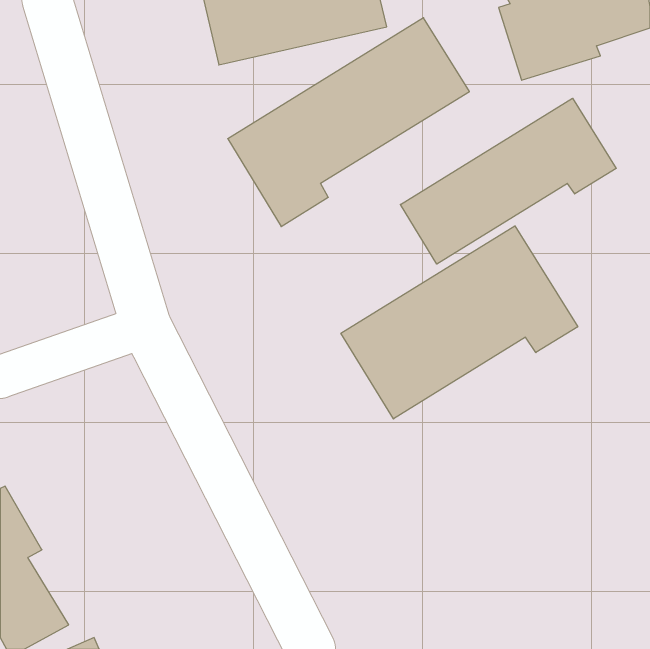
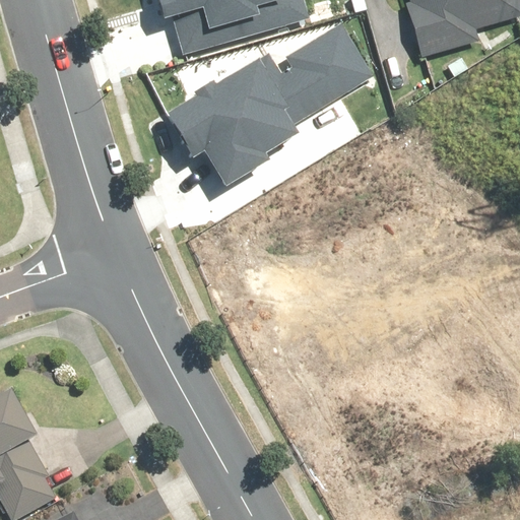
building: [400,98,616,264] -> none
building: [341,226,578,419] -> none

